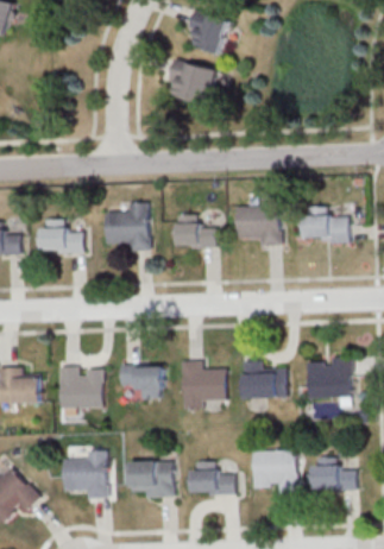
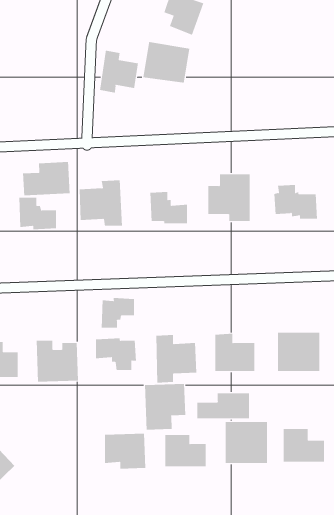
building: none -> [100,50,139,93]
building: none -> [23,161,70,196]
building: none -> [101,297,135,328]
building: none -> [144,383,186,430]
building: none -> [197,393,249,419]
building: [63,450,106,498] -> none

